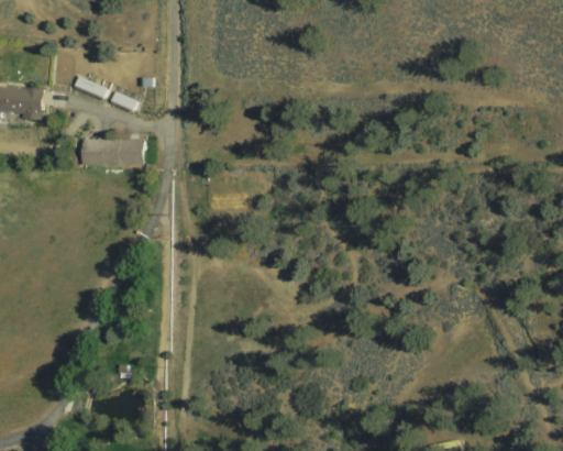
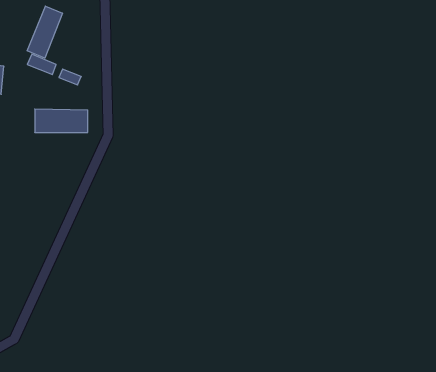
building: none -> [27,6,62,58]

